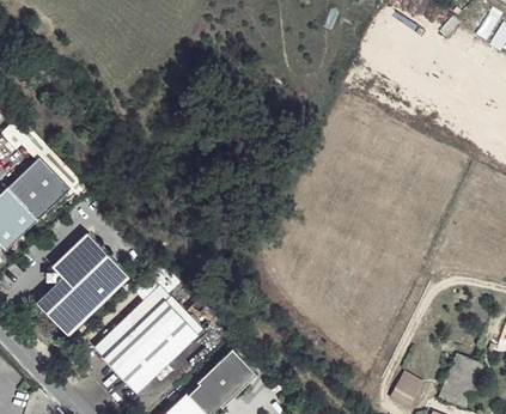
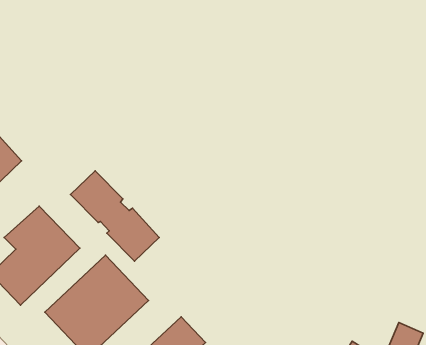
building: none -> [71,171,159,261]

